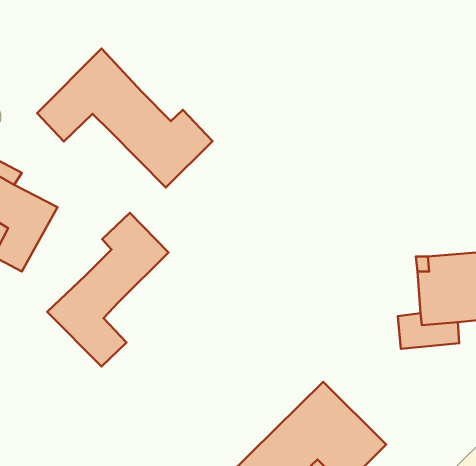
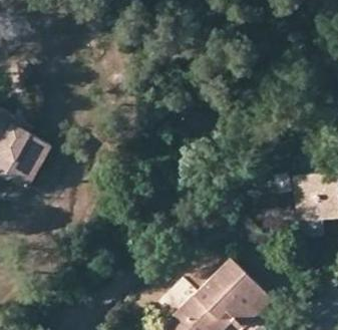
building: [37,48,212,188] -> none
building: [47,213,168,367] -> none

